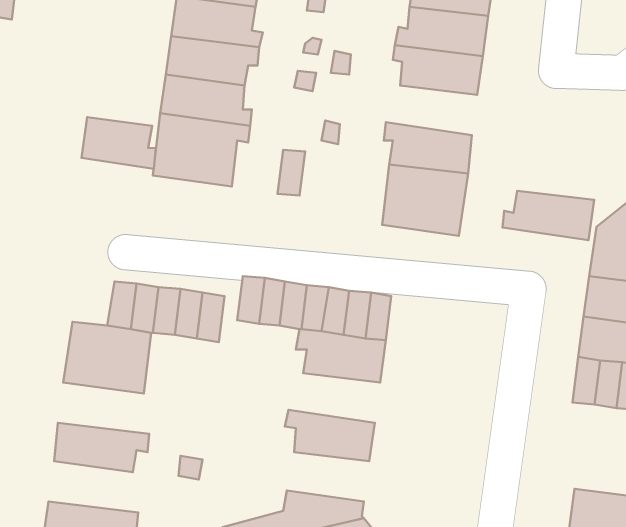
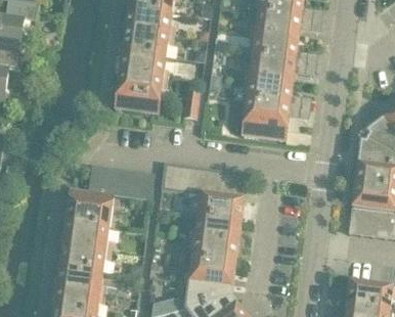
building: [82,117,156,169] -> none
building: [502,191,594,240] -> [245,57,296,85]
building: none -> [190,218,242,245]
building: none -> [61,223,114,252]
building: none -> [184,262,235,289]
building: none -> [56,267,117,297]

